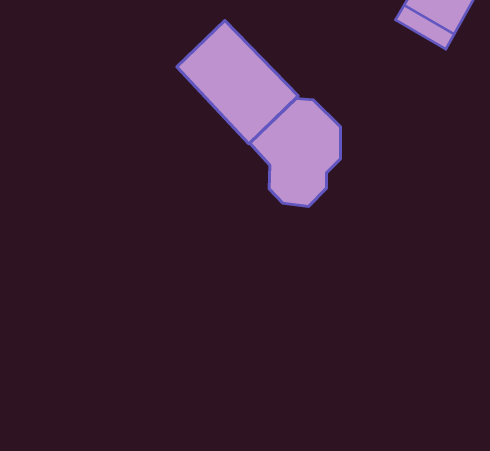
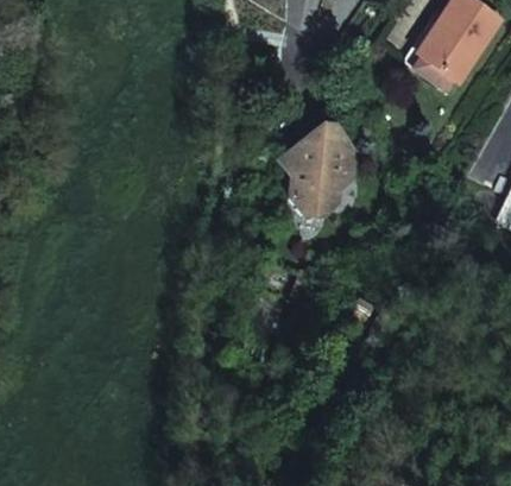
building: [177,21,298,144] -> none

